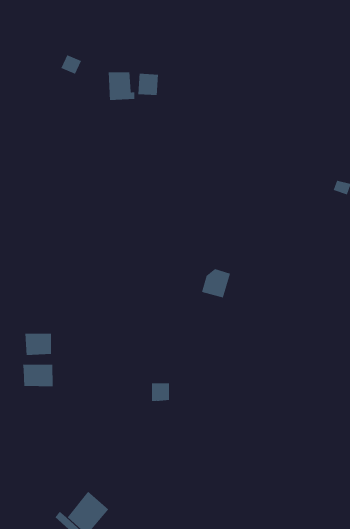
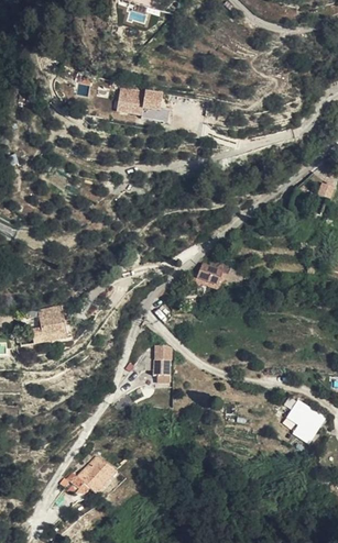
building: [23,364,53,387] -> none
building: none -> [282,398,325,443]

